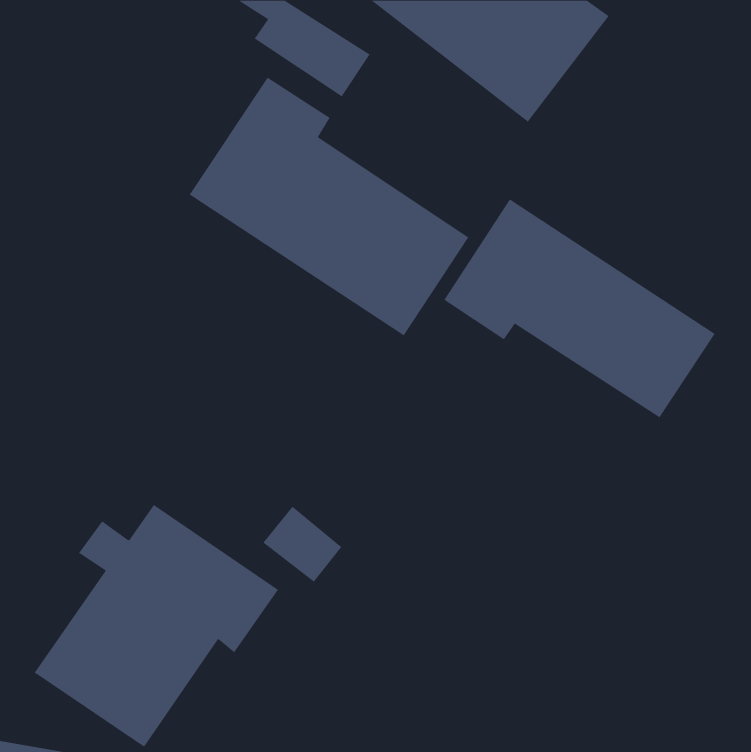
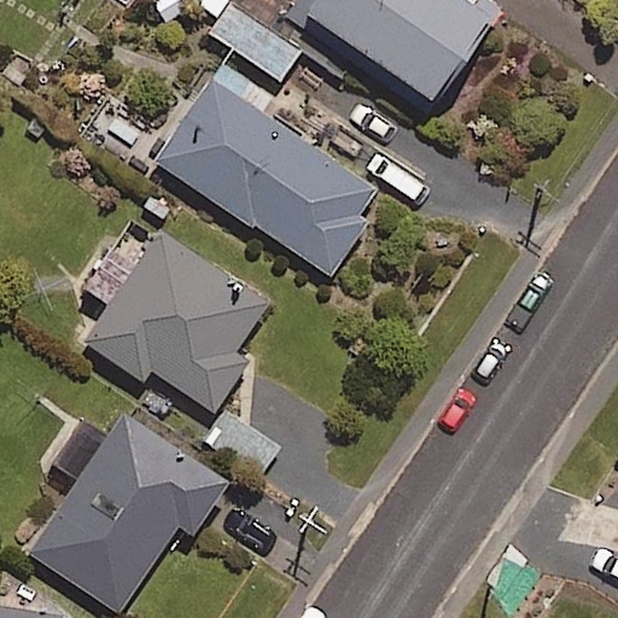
building: [444,198,715,418] -> none
building: none -> [86,232,264,413]

